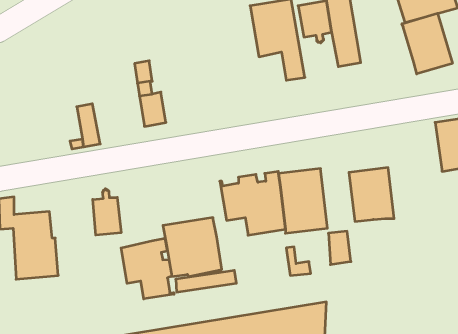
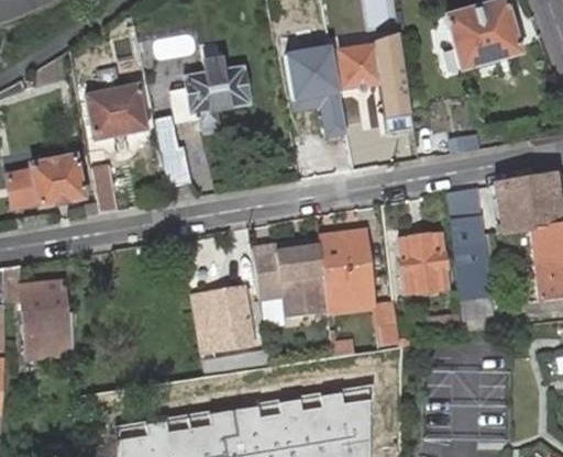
building: none -> [173,58,251,127]
building: [402,13,452,74] -> none
building: none -> [88,86,148,140]
building: none -> [20,155,82,202]
building: none -> [446,188,496,328]
building: [93,189,121,235] -> none
building: [121,238,174,299] -> none

